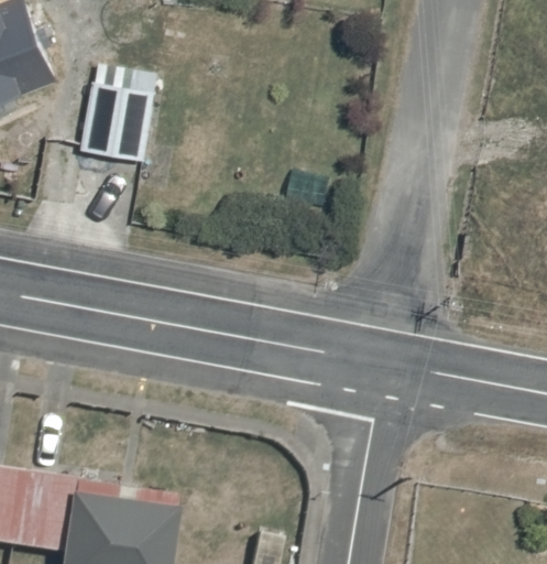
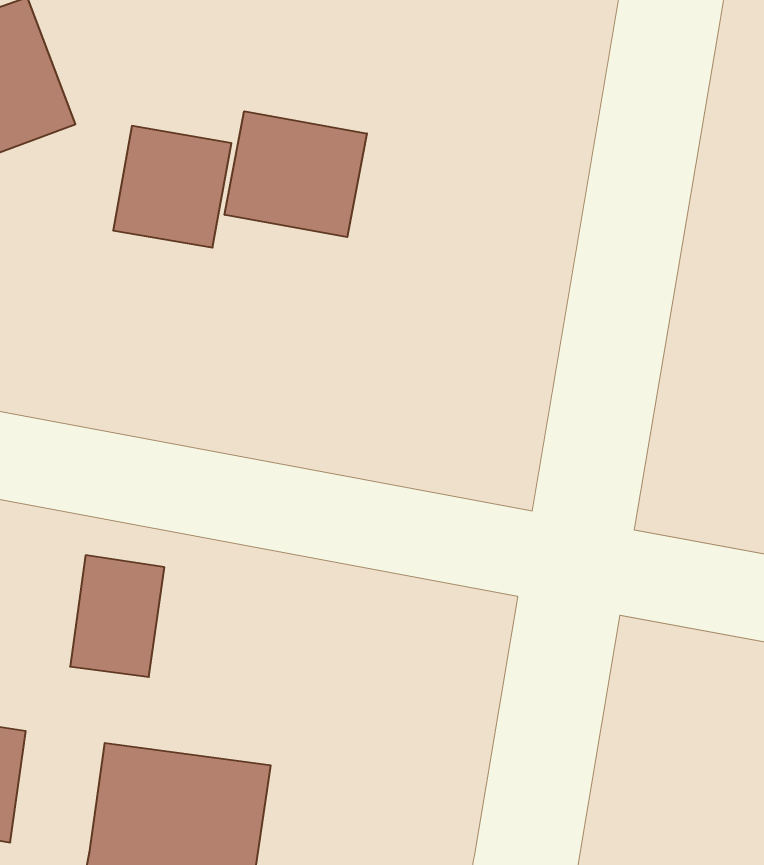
building: none -> [225,111,367,237]
building: [12,473,73,551] -> [70,555,164,677]

